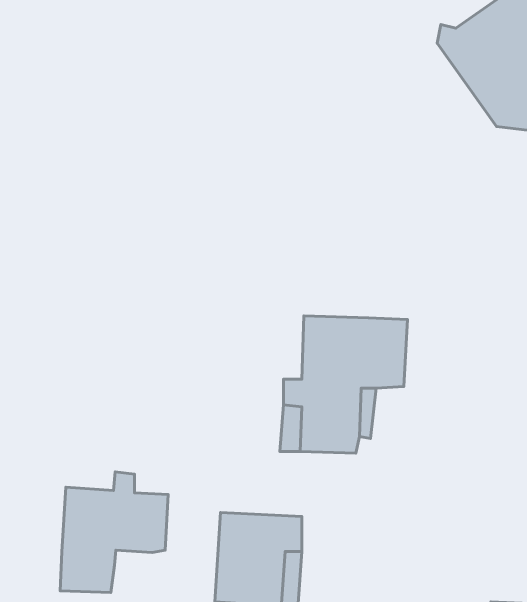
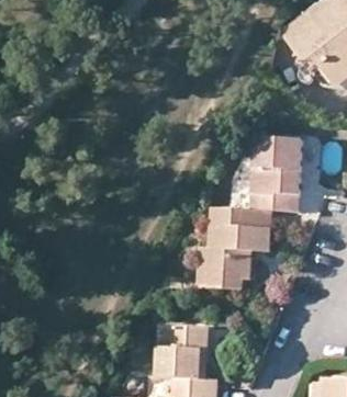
building: none -> [248,137,302,212]
building: [60,472,168,593] -> none

